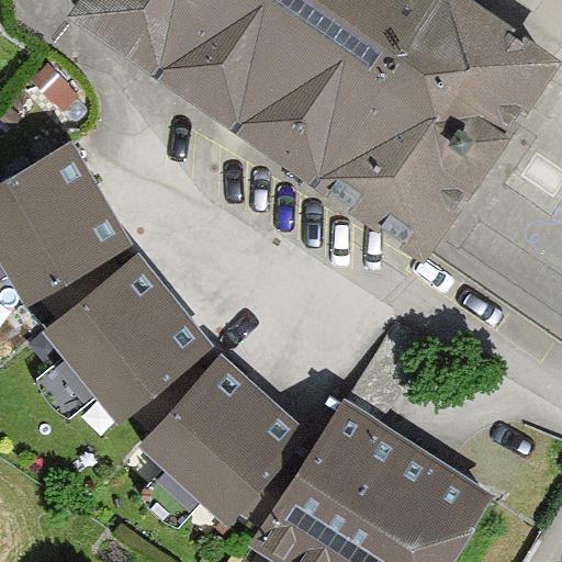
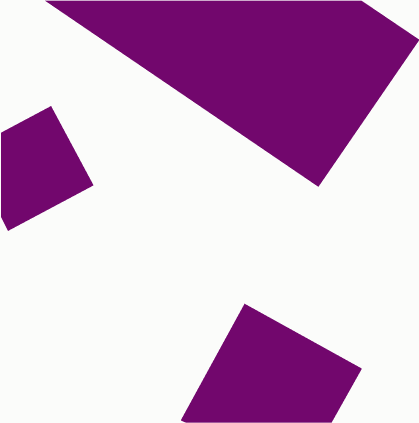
building: [38,252,214,426] -> none
building: [139,356,307,524] -> none

